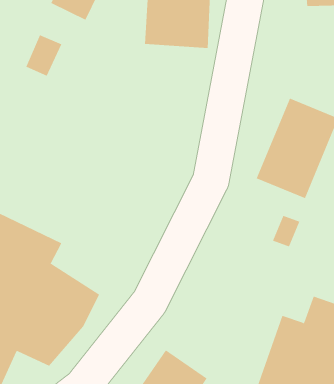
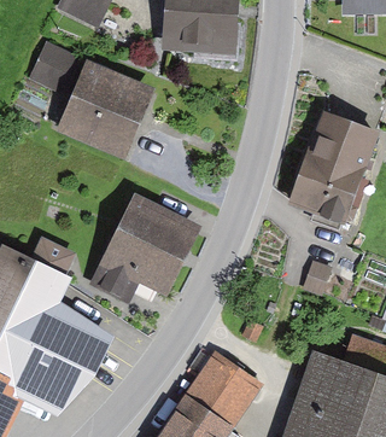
building: none -> [58,62,153,158]
building: none -> [89,198,199,303]
building: none -> [186,354,262,427]

